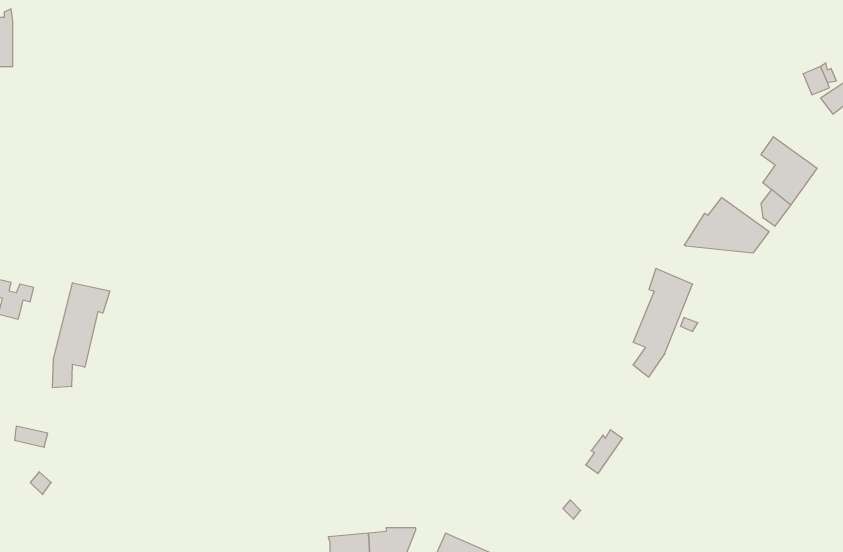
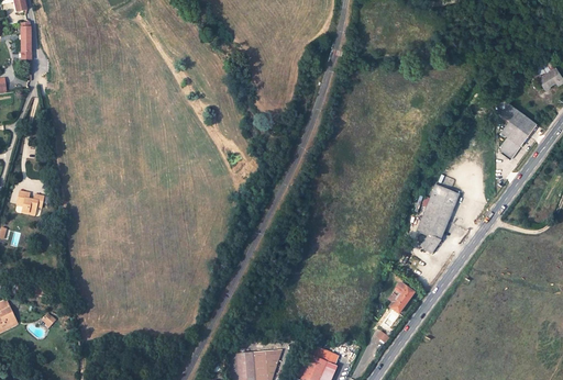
building: [684,197,769,253] -> none
building: [52,283,110,388] -> none

